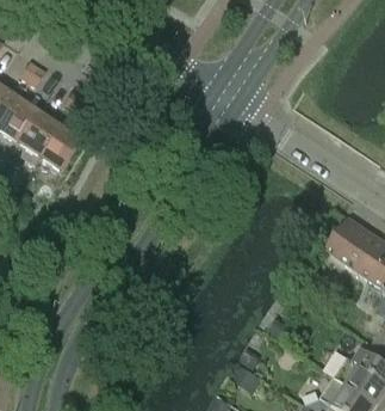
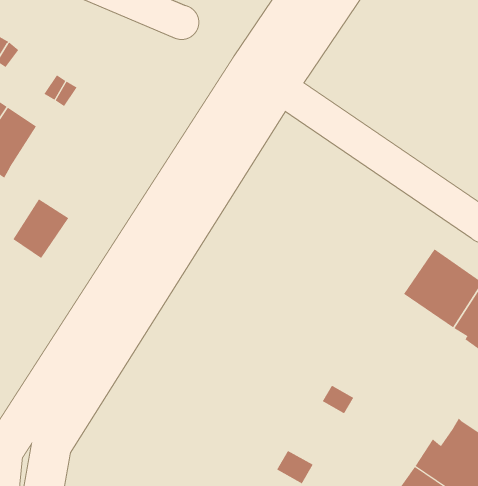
building: [39,127,81,171] -> [12,199,69,259]

